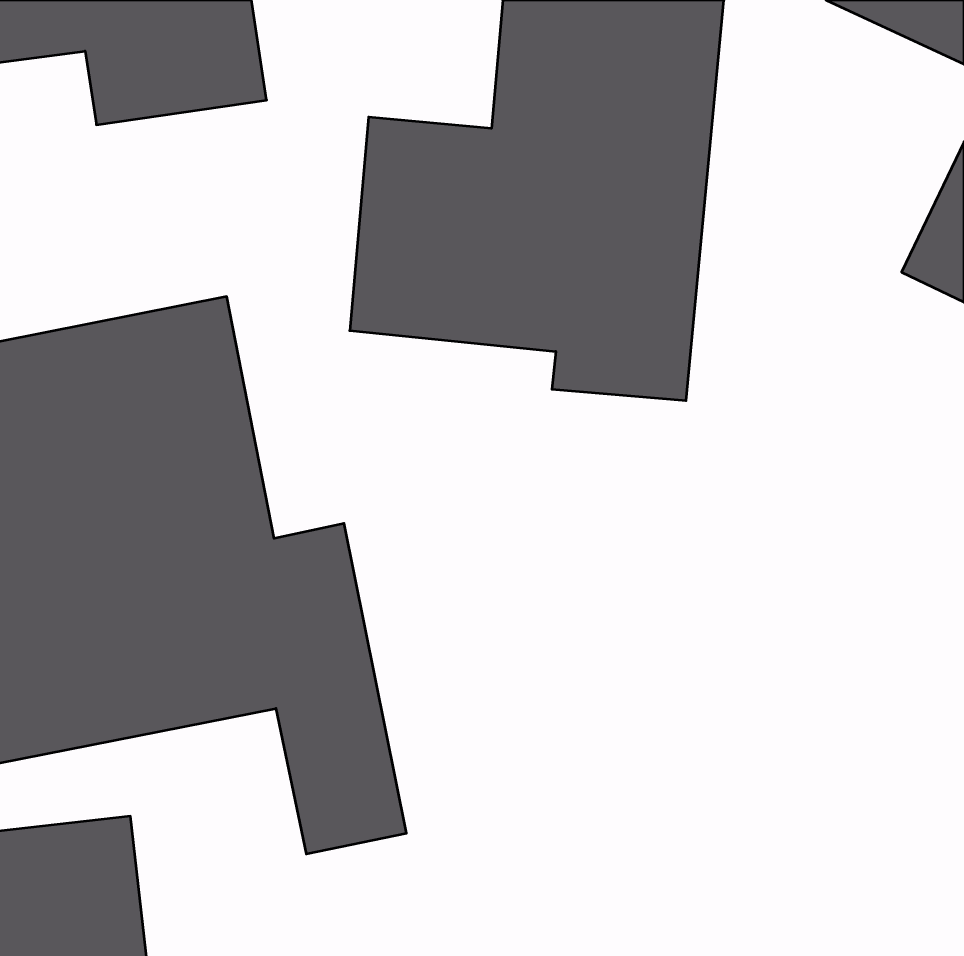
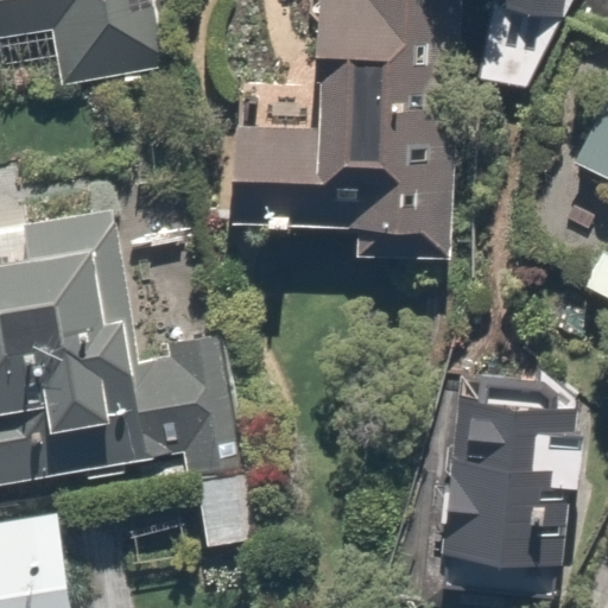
building: none -> [430,380,594,568]

